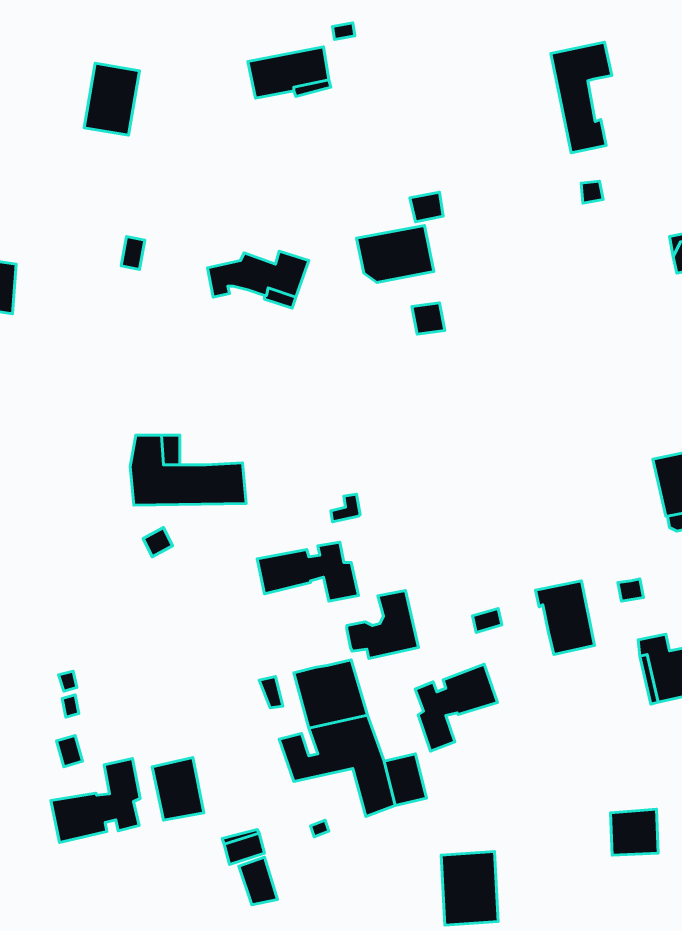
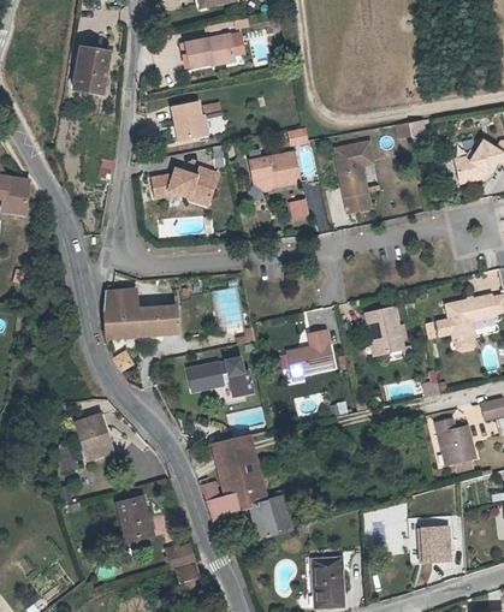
building: [551,42,612,153] -> [334,139,374,212]
building: none -> [173,101,208,141]
building: [536,581,594,655] -> [364,305,403,353]
building: [347,590,418,659] -> [286,328,333,373]
building: none -> [79,412,117,456]
building: [415,664,497,751] -> none
building: [51,758,140,843] -> none

